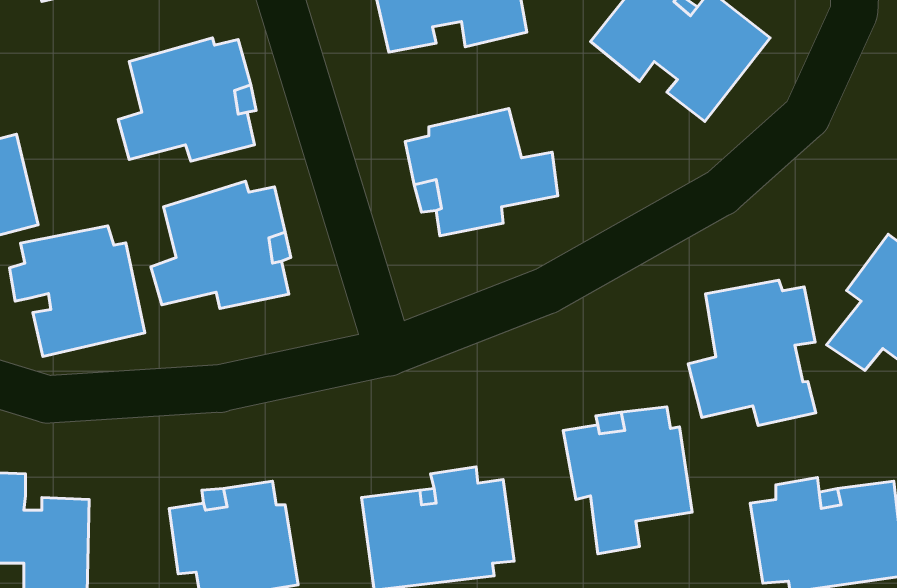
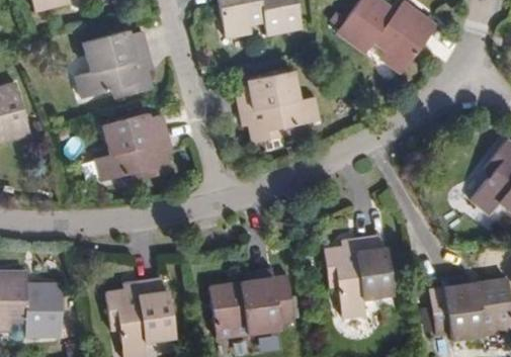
building: [10,226,145,356] -> none
building: [688,280,816,426] -> none

